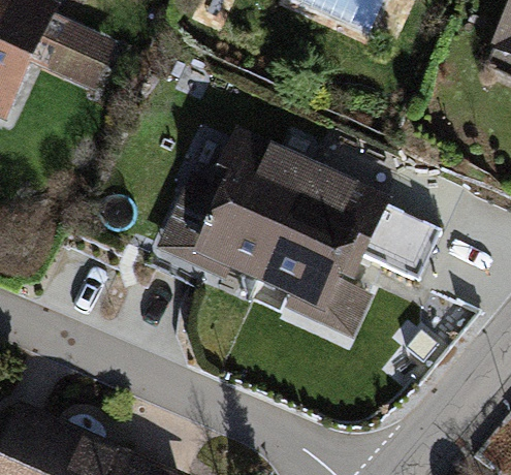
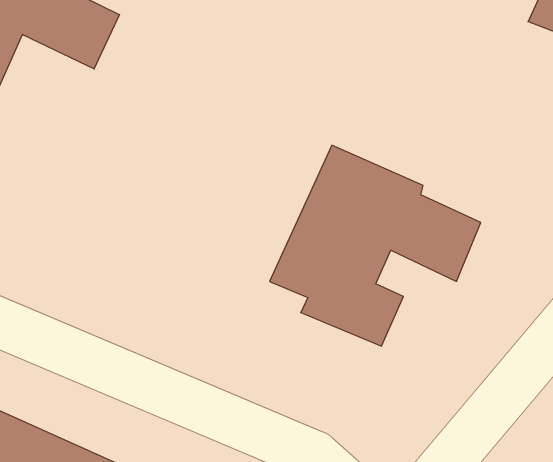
building: [150,131,310,307] -> none

